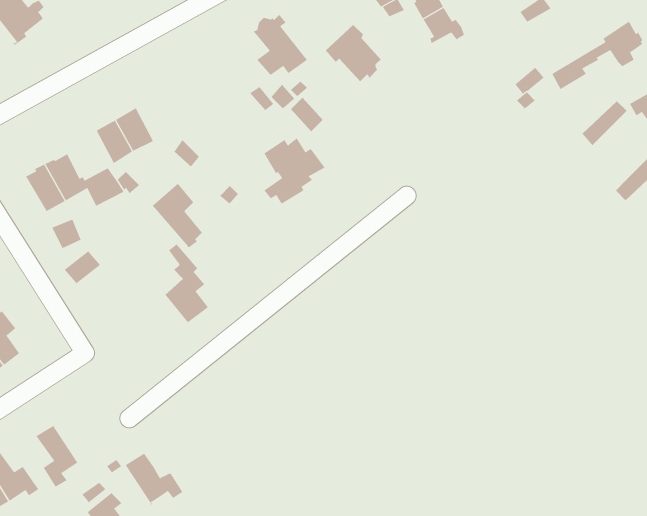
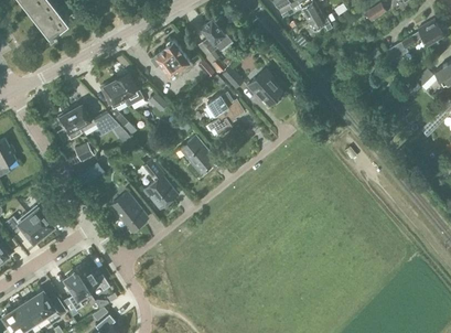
building: [325,24,381,82] -> [247,69,282,106]
building: none -> [150,40,192,80]
building: [152,183,203,248] -> [179,135,211,175]
building: none -> [110,192,142,232]
building: [125,453,183,506] -> [74,262,110,296]

